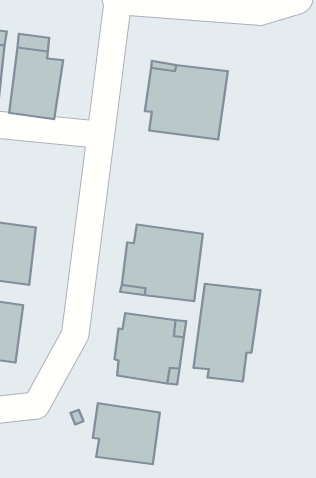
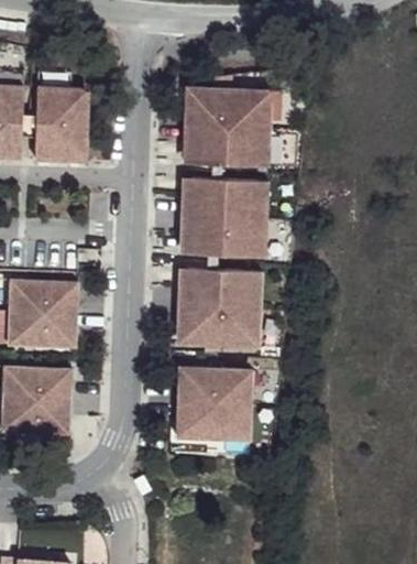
building: none -> [180,180,267,257]
building: [193,284,261,382] -> none
building: [93,403,160,464] -> none

